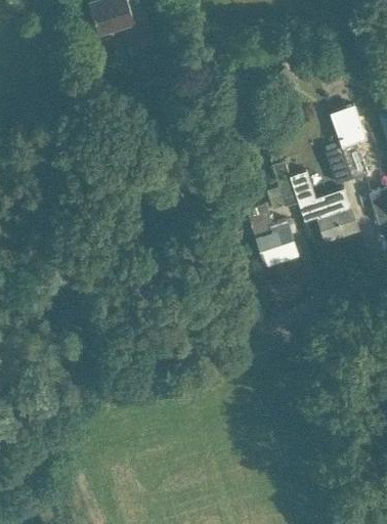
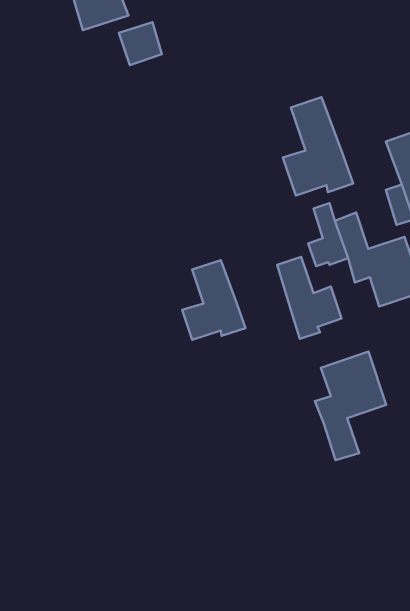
building: none -> [283,97,353,196]
building: none -> [182,260,245,340]
building: none -> [315,352,386,460]

